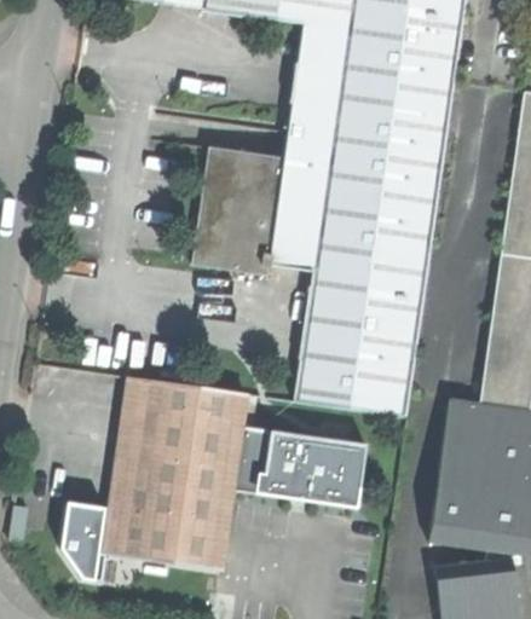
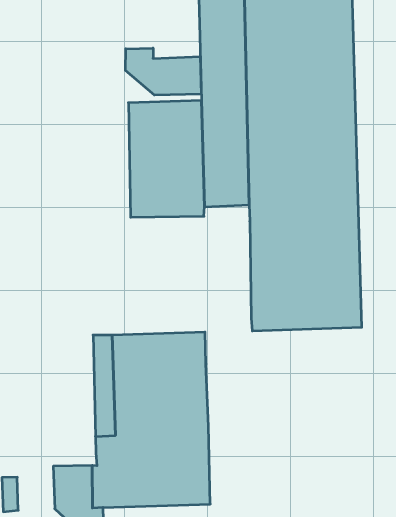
building: none -> [125,48,201,95]
building: [232,424,365,507] -> none

